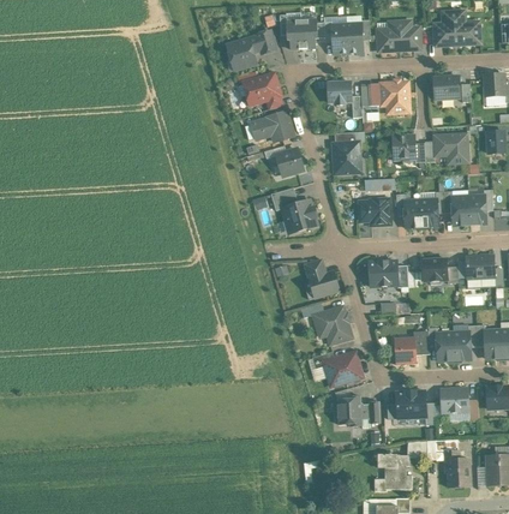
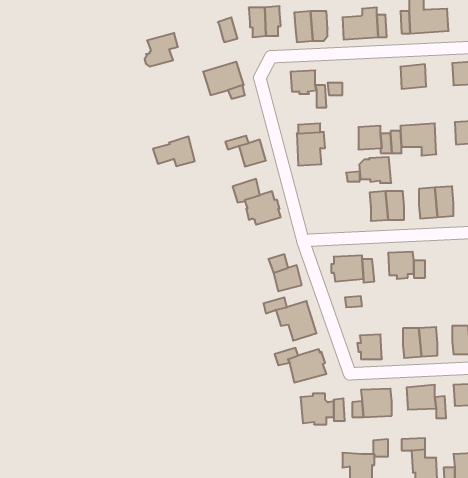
building: [228,36,261,68] -> [145,33,178,66]
building: [379,80,409,113] -> none
building: [251,110,292,139] -> [153,137,195,166]
building: [359,198,390,223] -> [359,157,391,183]
building: [465,255,493,276] -> none

